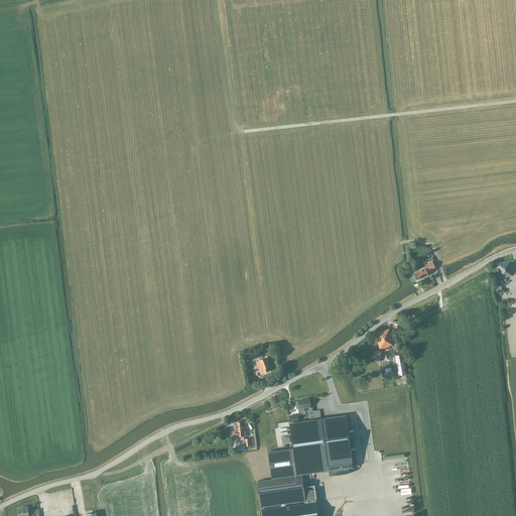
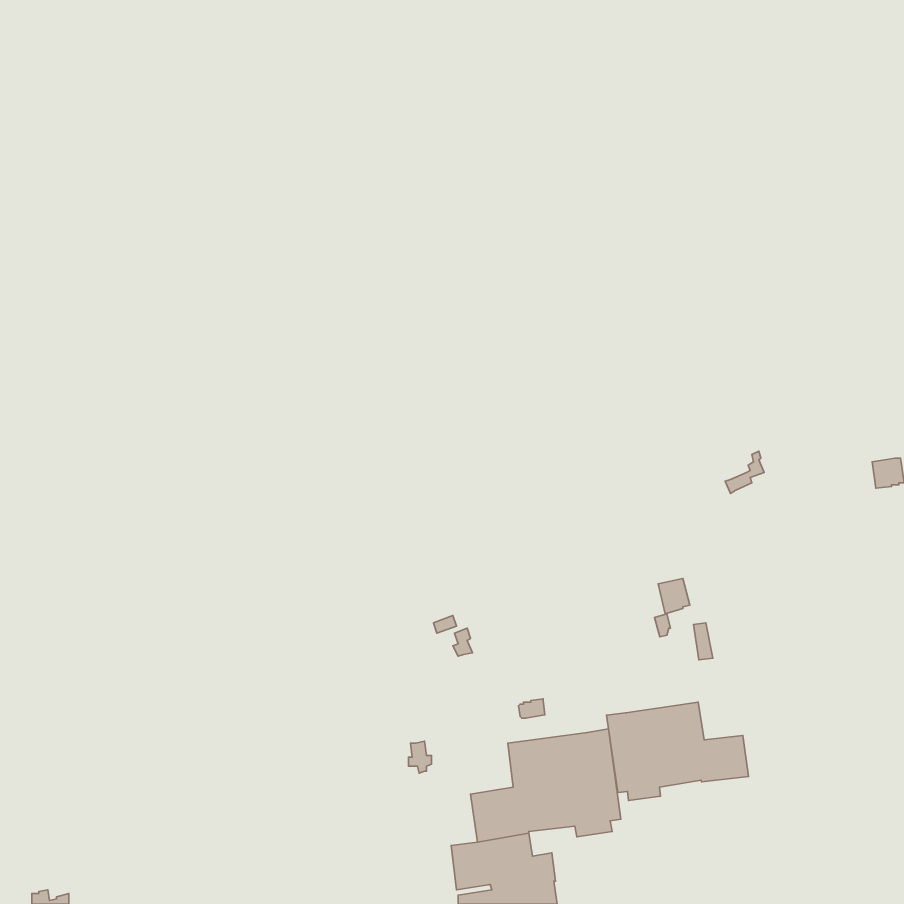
building: none -> [607,702,748,801]

